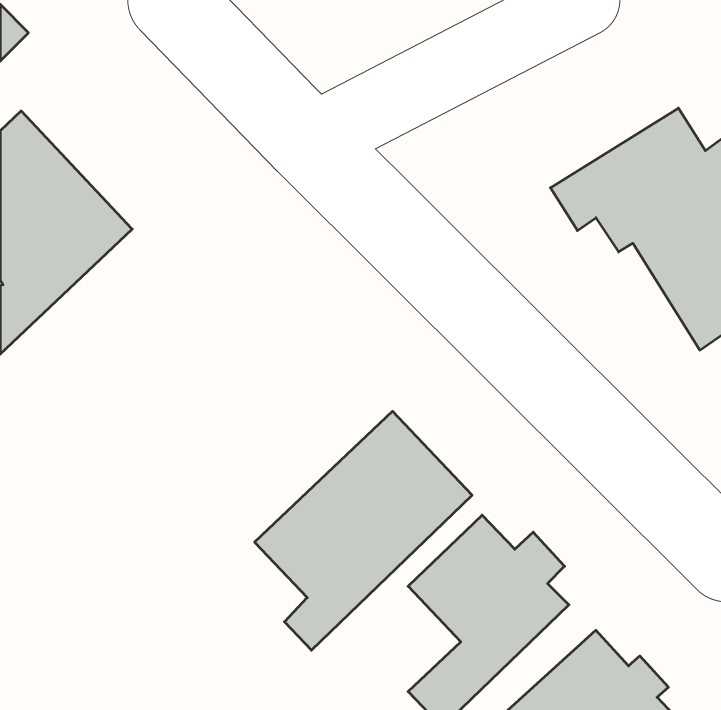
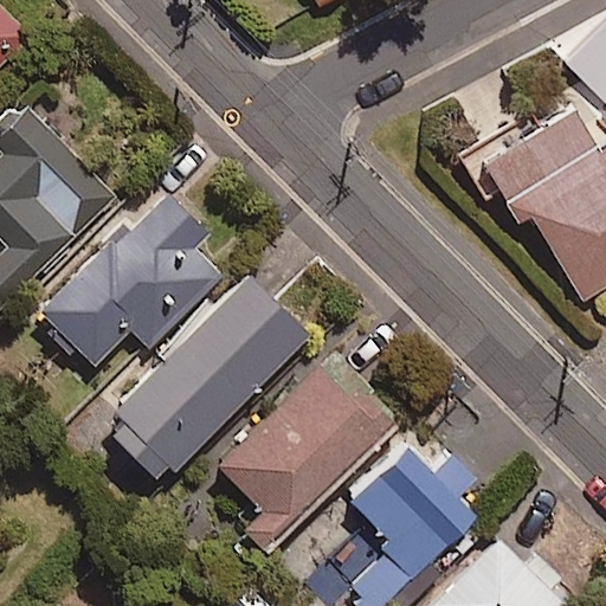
building: none -> [27,193,220,369]
building: none -> [97,273,307,483]

